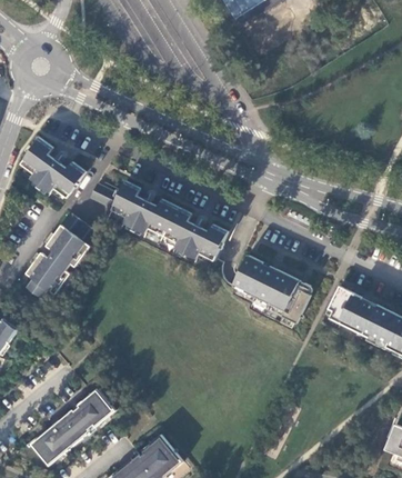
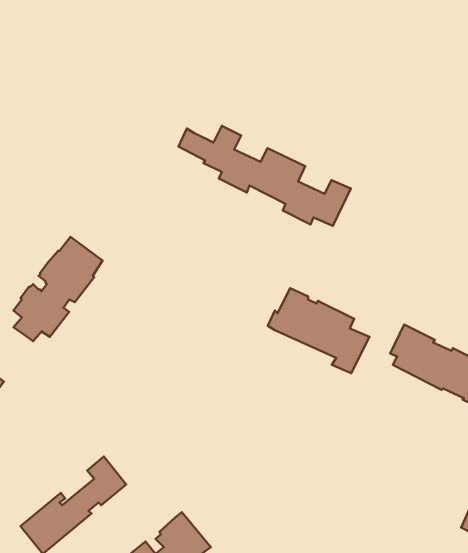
building: [20,138,86,199] -> none
building: [90,181,228,261] -> [179,126,351,226]

